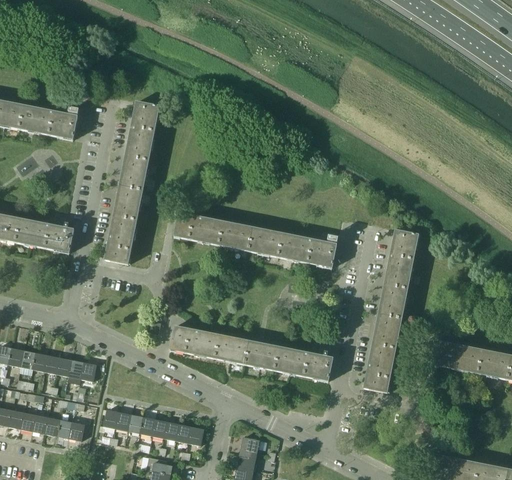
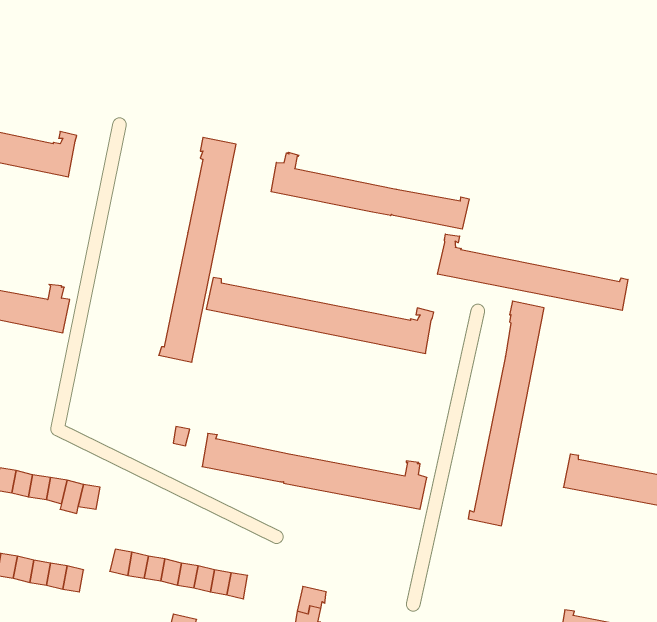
building: [104,101,160,264] -> [159,137,236,362]
building: none -> [271,152,469,229]
building: none -> [438,234,628,310]

